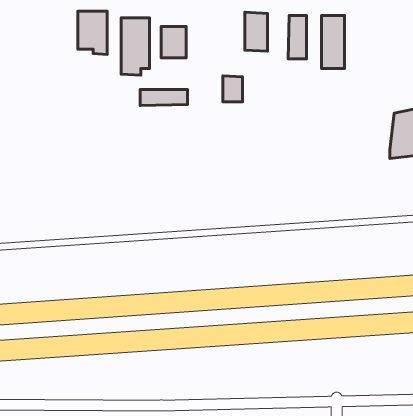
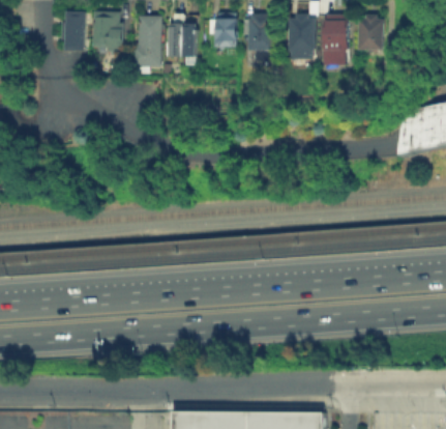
building: none -> [67,13,87,52]
building: none -> [360,20,382,53]
building: [223,76,242,102] -> [218,22,237,47]
building: [140,90,188,105] -> none

